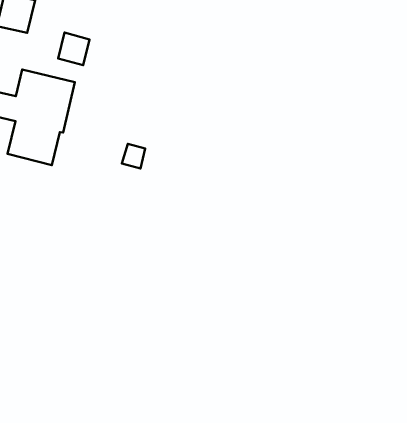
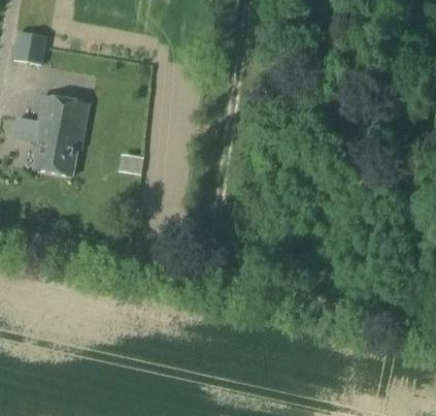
building: [58,33,89,65] -> none

